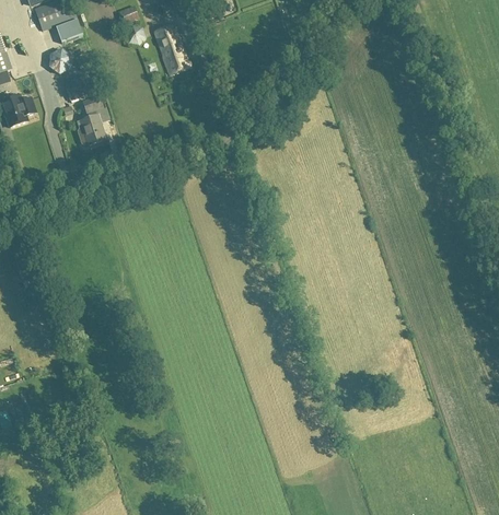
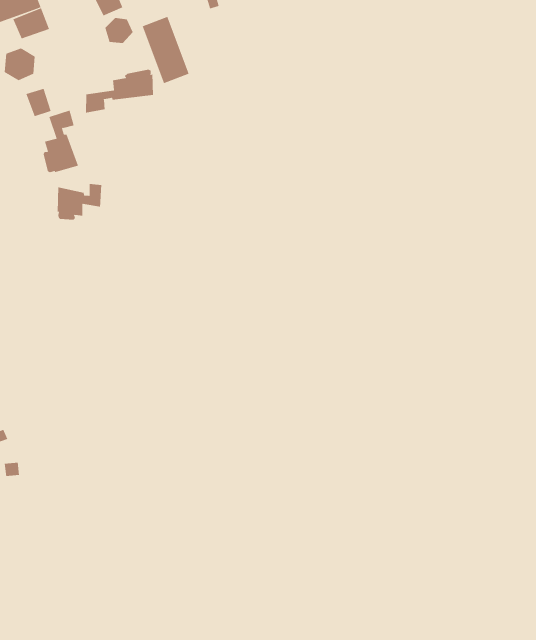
building: none -> [85,69,153,114]
building: none -> [57,183,102,220]

